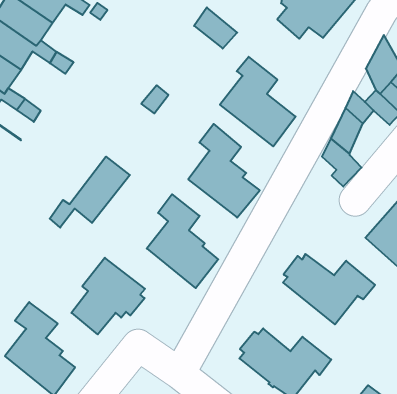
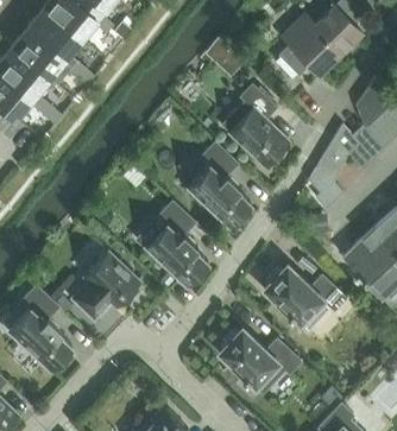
building: [50,157,130,228] -> none

